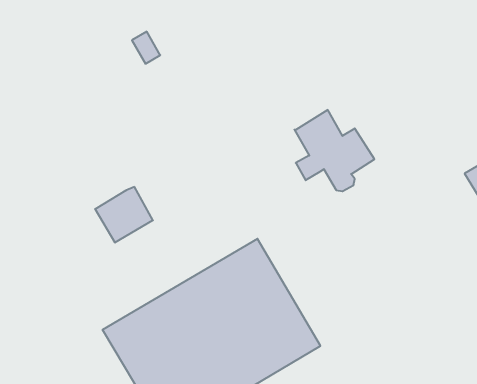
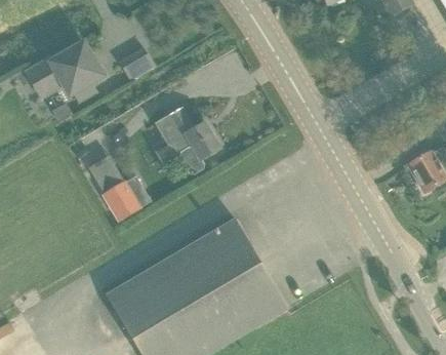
building: none -> [31,44,107,102]
building: [294,110,374,191] -> [154,106,220,173]

